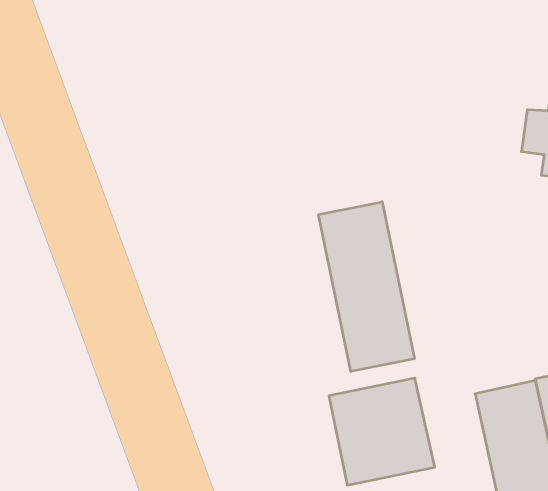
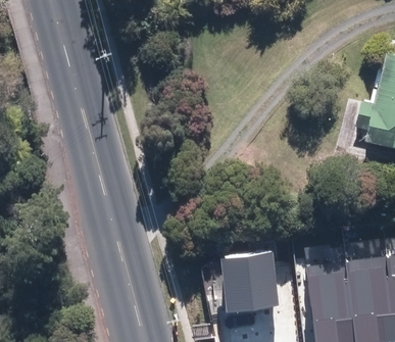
building: [319,202,414,372] -> none

